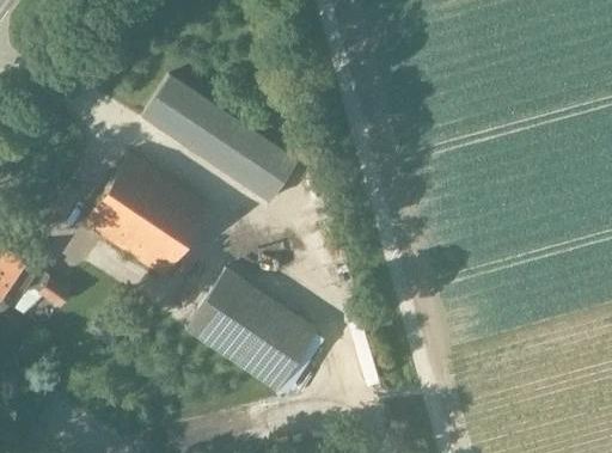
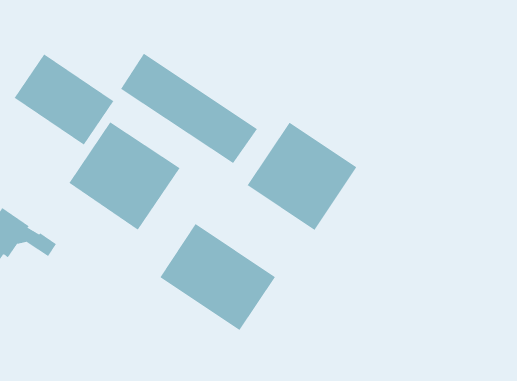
building: none -> [14,54,114,146]
building: none -> [247,122,357,231]

